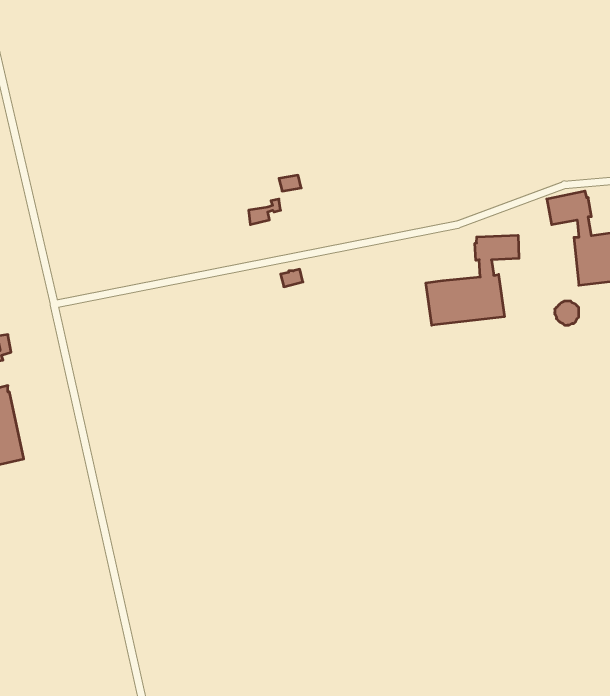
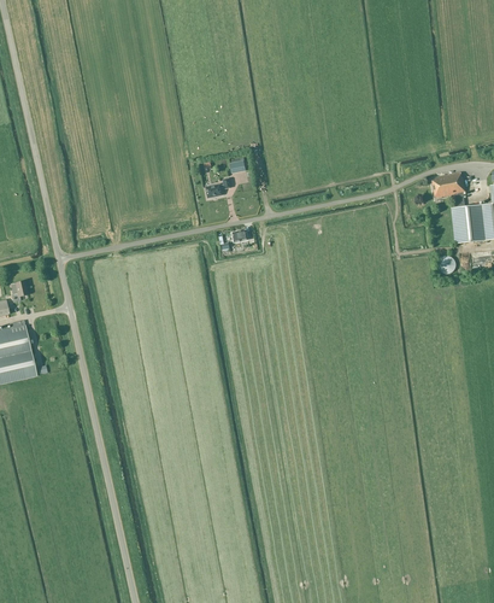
building: [426,235,519,325] -> none

